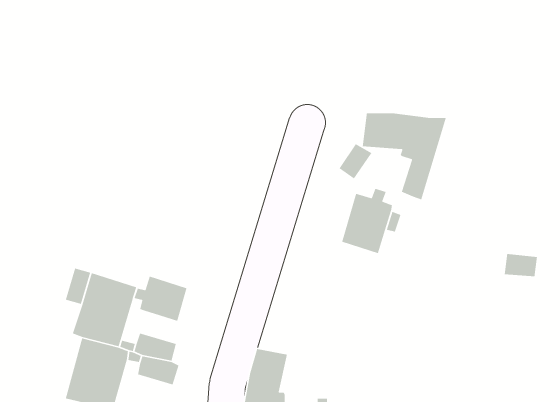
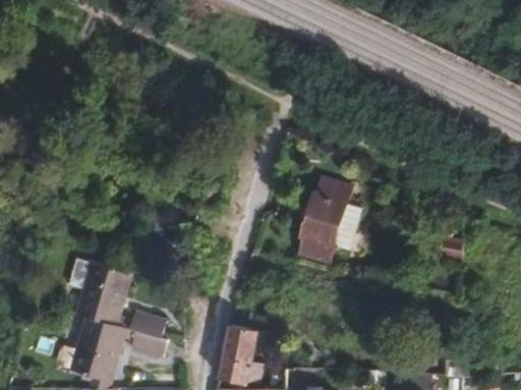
building: [362,112,447,200] -> none
building: [134,276,188,322] -> none

